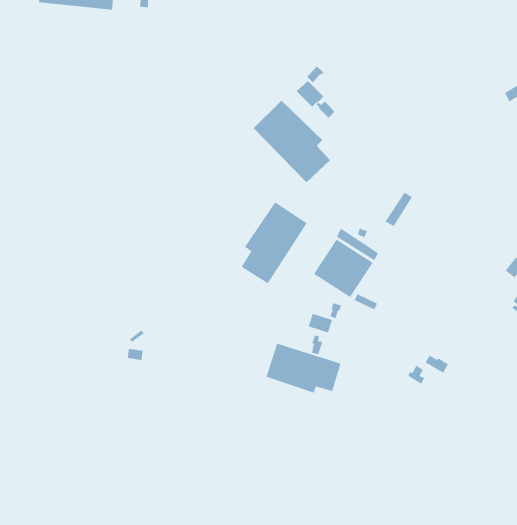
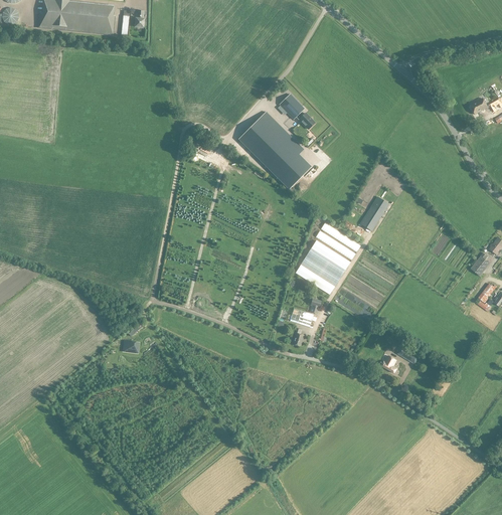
building: [241,202,308,284] -> none
building: [266,343,341,394] -> none

